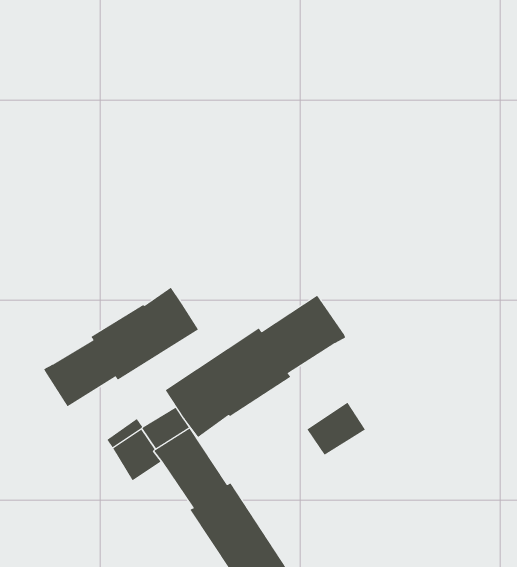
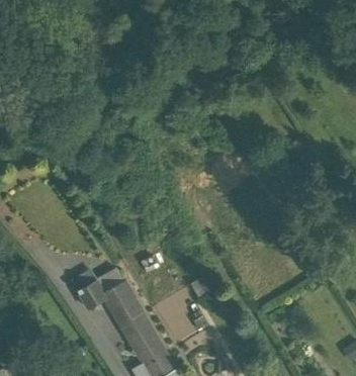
building: [43,287,199,407] -> none
building: [165,295,346,438] -> none

